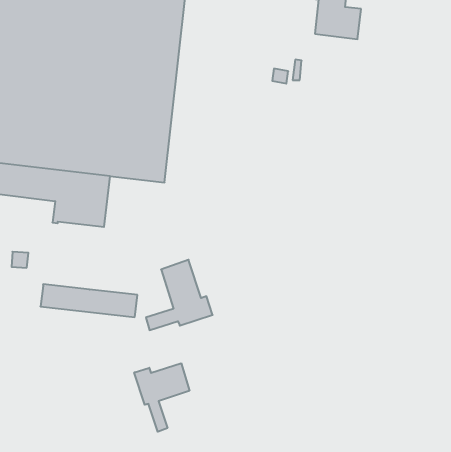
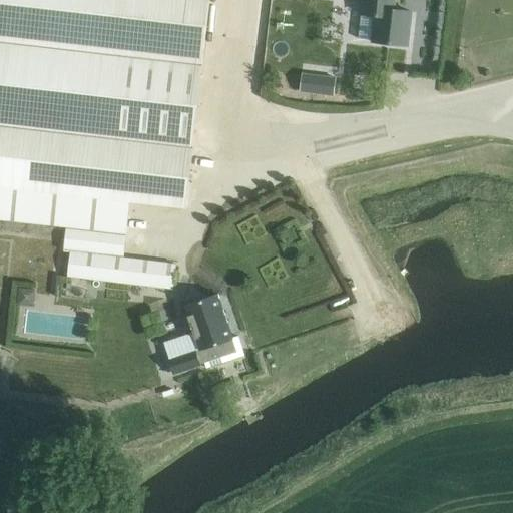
building: [40,284,137,317] -> [62,249,171,287]
building: [134,363,189,432] -> none

